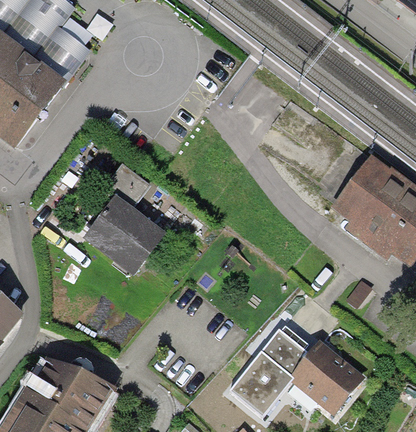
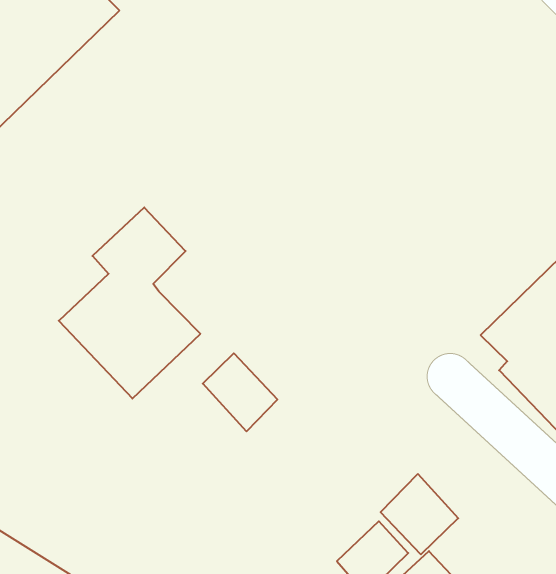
building: none -> [203,353,277,431]
building: none -> [381,474,458,554]

